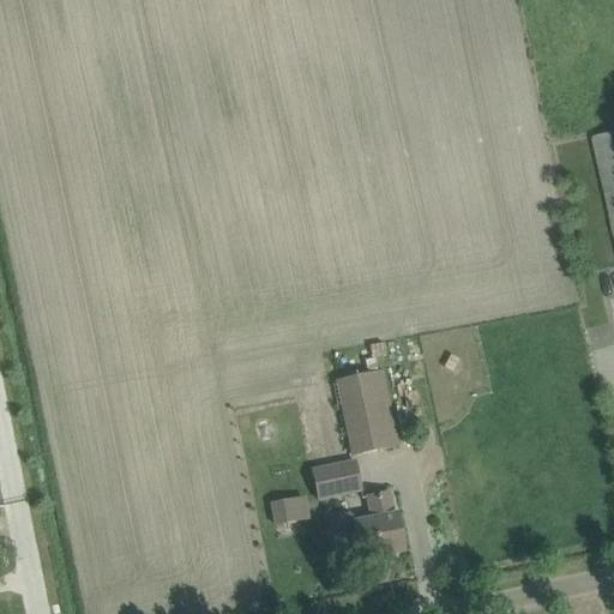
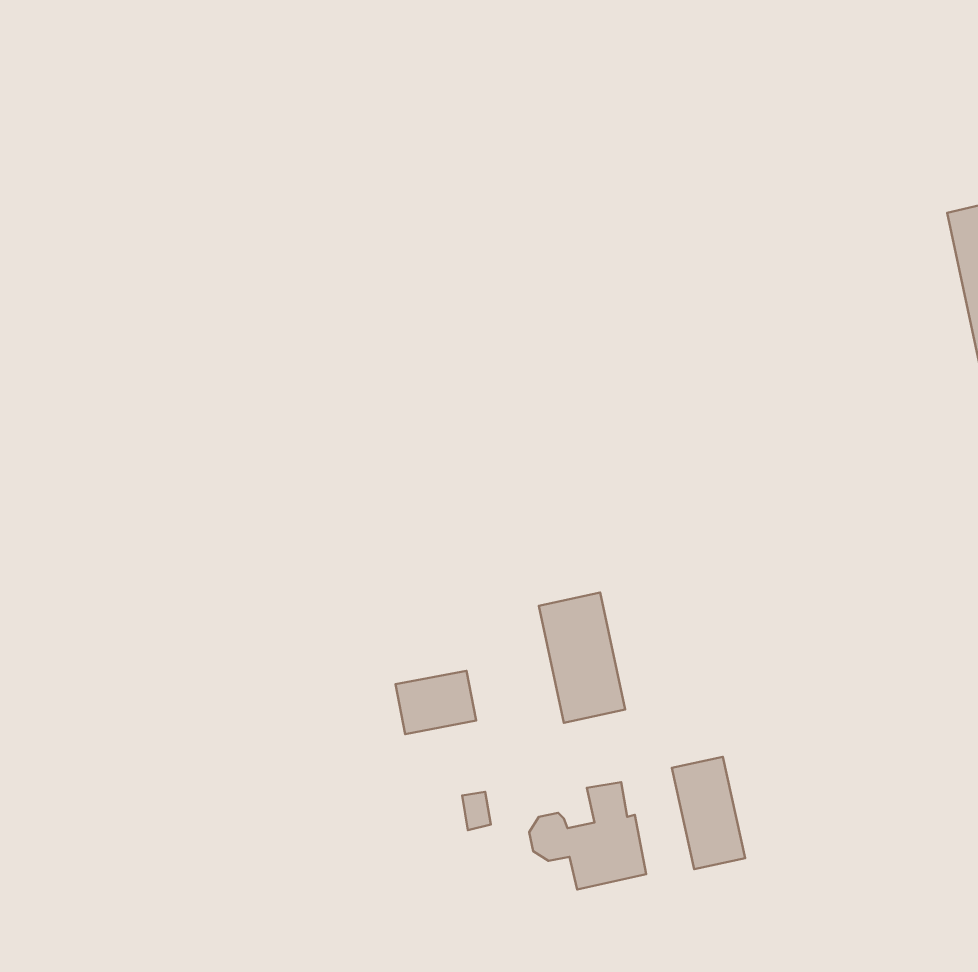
building: [313,458,363,498] -> [396,671,476,734]
building: none -> [672,757,745,869]

